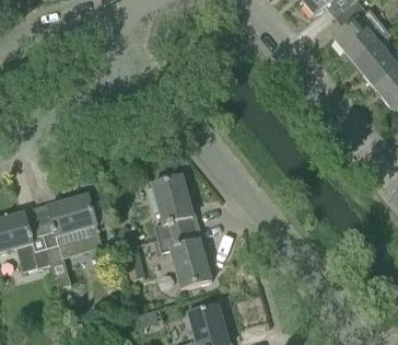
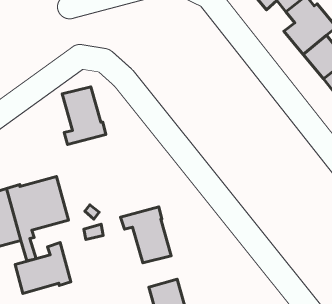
building: [151,175,198,238] -> [62,87,106,145]
building: none -> [15,243,71,293]

